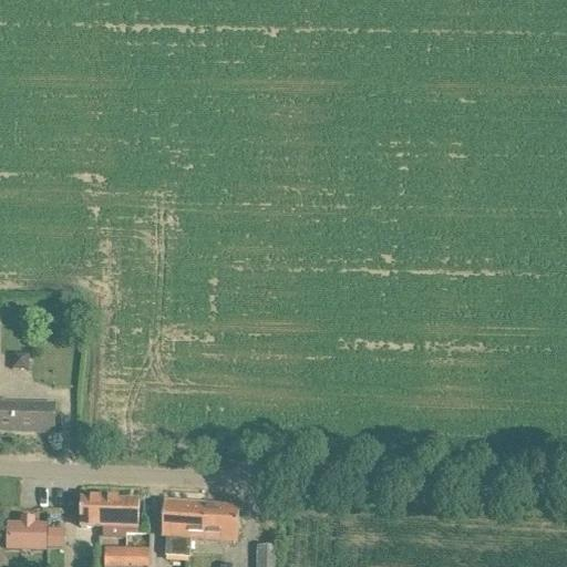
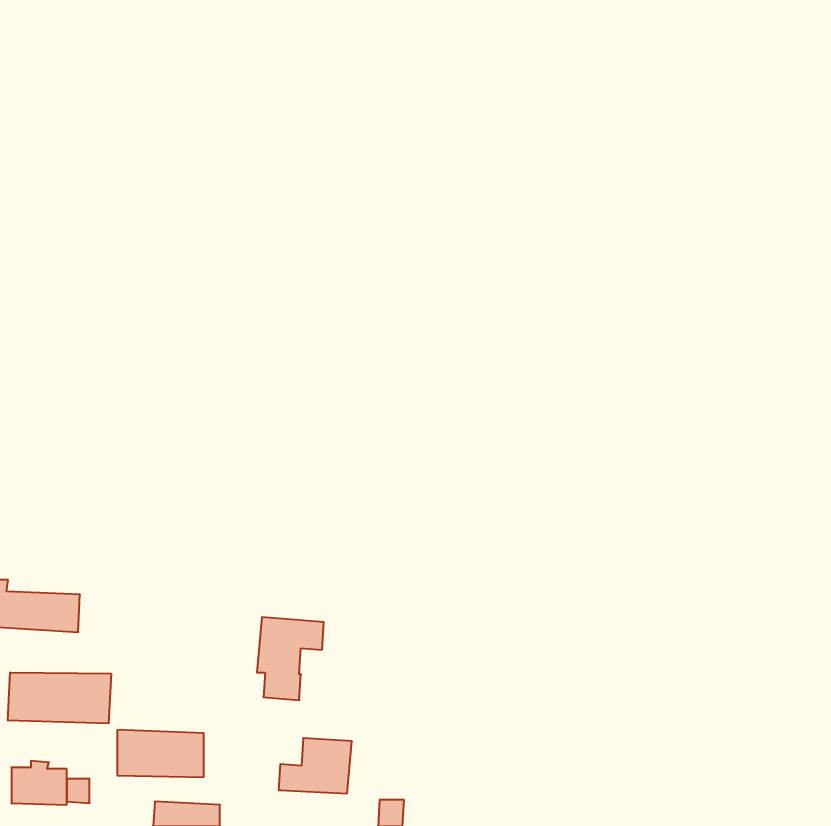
building: none -> [8,672,111,723]
building: [161,498,206,555] -> [257,617,324,700]

